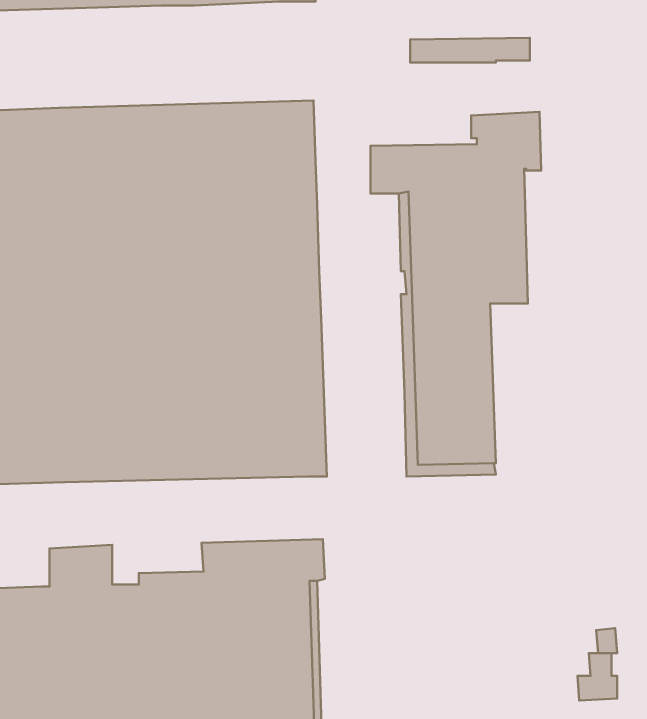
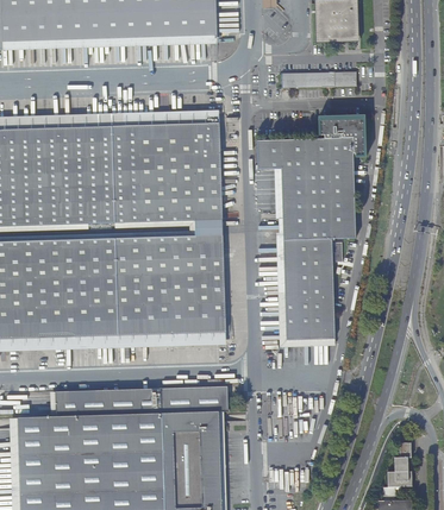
building: none -> [94,388,151,414]

